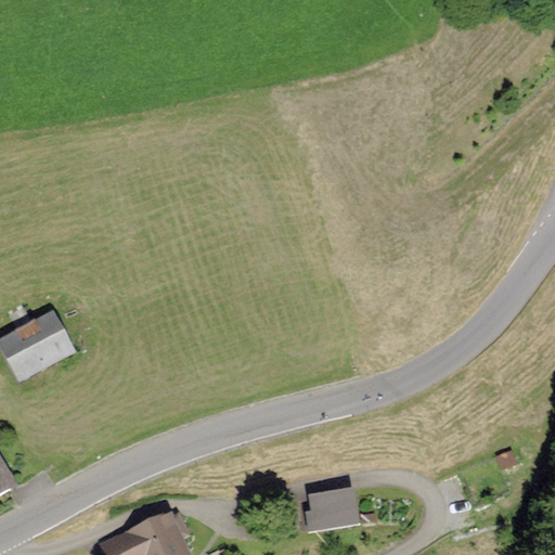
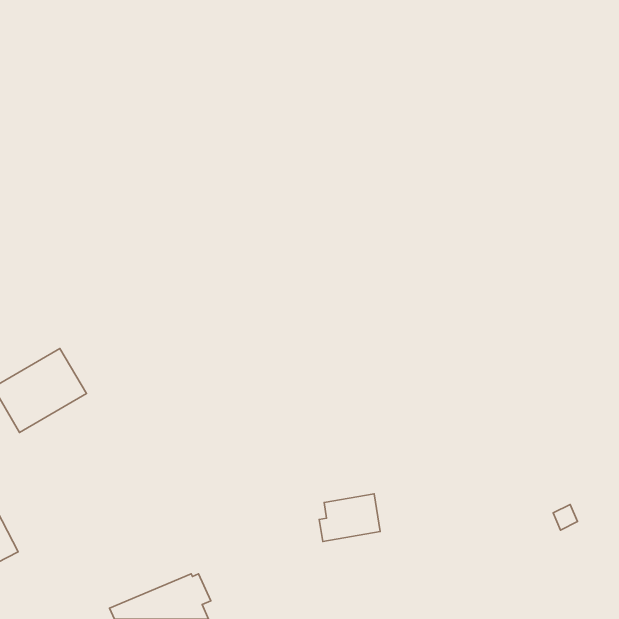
building: [301,490,356,532] -> [319,494,380,541]

